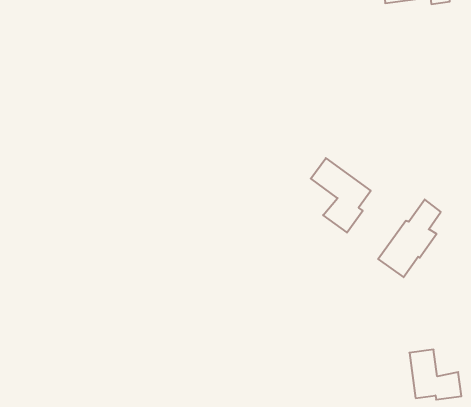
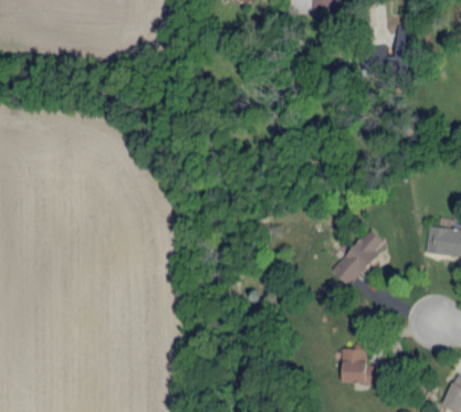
building: [311,158,371,233] -> none

